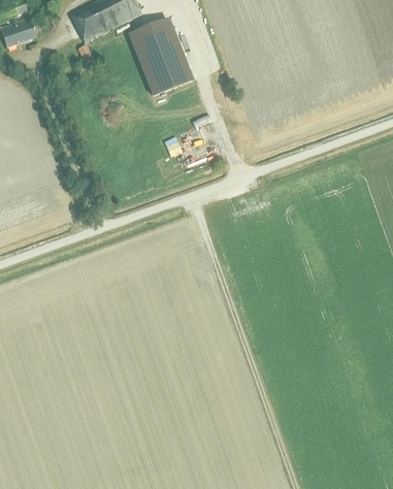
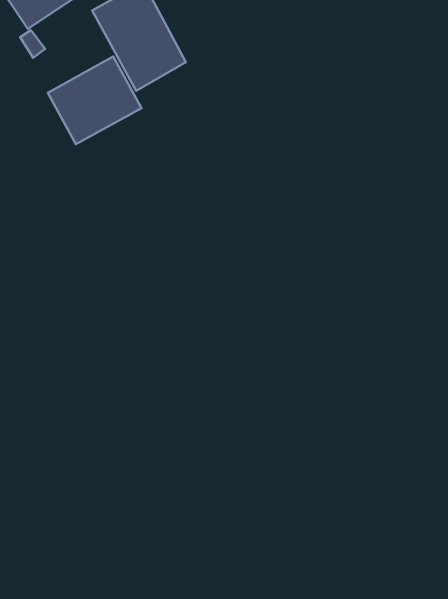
building: none -> [48,57,142,144]

